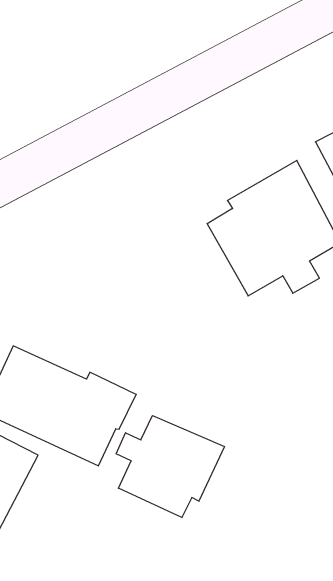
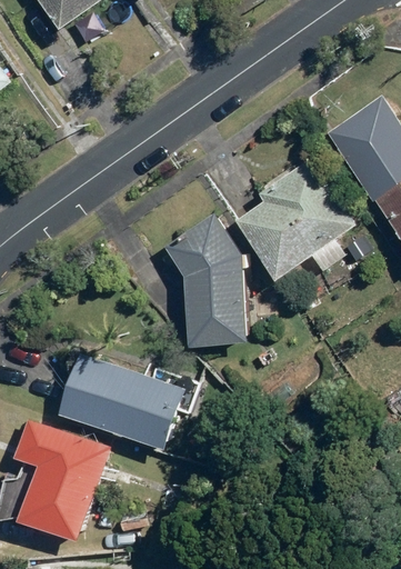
building: none -> [163,218,248,345]
building: [116,416,225,518] -> none

